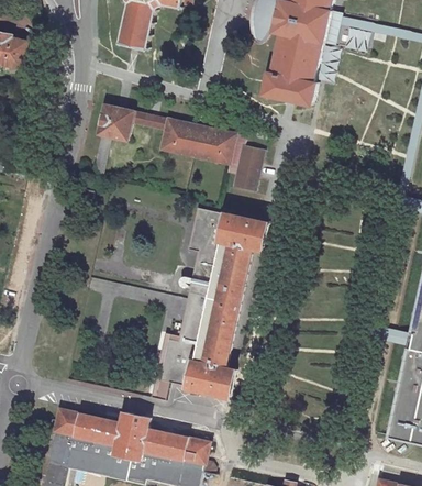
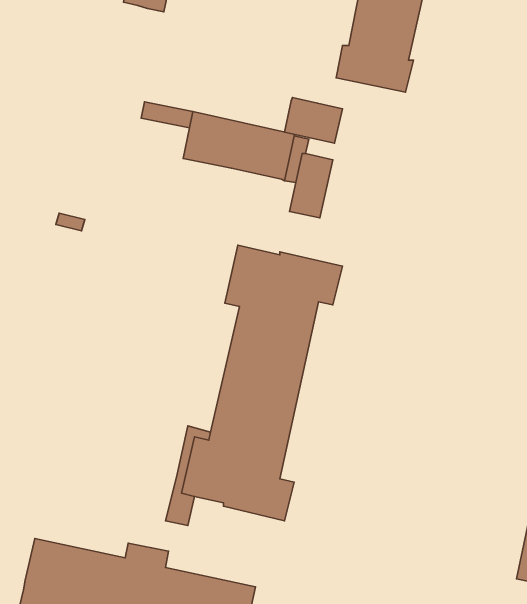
building: [98,104,133,141] -> none
building: none -> [285,98,342,143]

